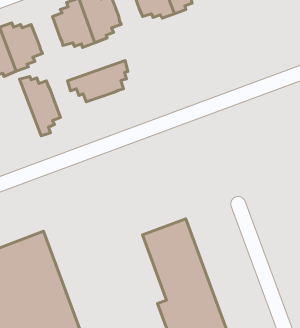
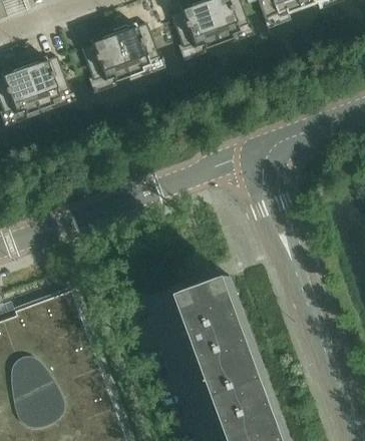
building: [68,60,128,102] -> none
building: [20,77,60,136] -> none

